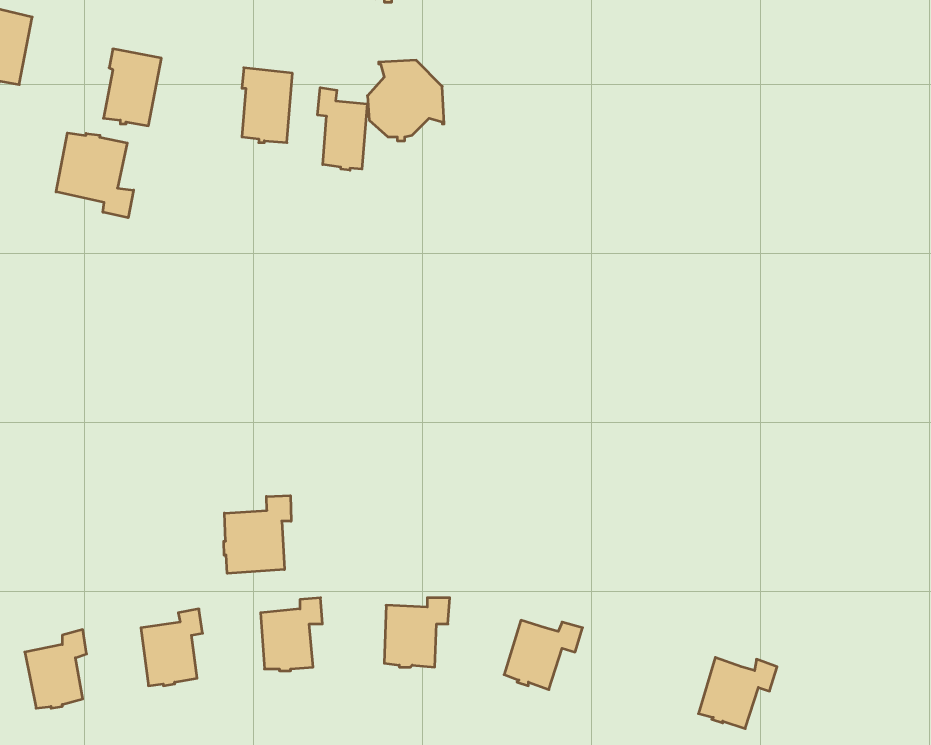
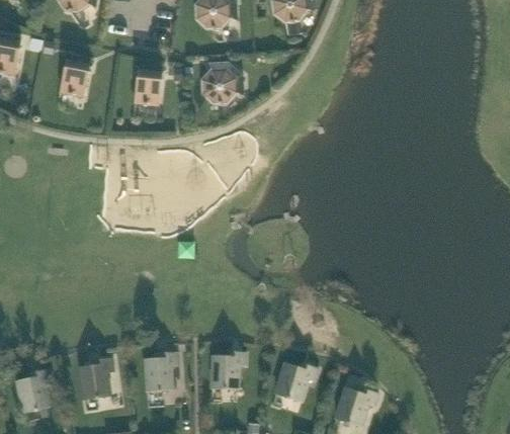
building: [318,88,367,170] -> none
building: [56,133,134,218] -> none
building: [224,496,291,573] -> none
building: [698,657,777,729] -> [335,386,377,425]

